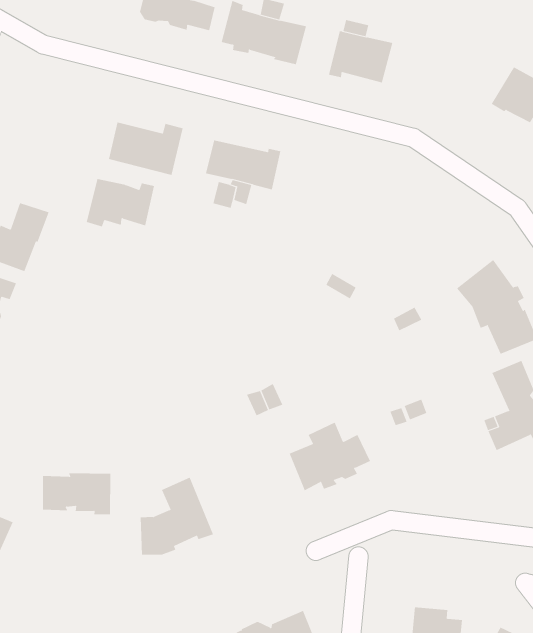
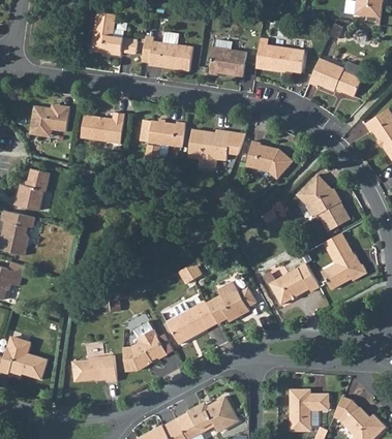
building: none -> [255,39,304,73]
building: none -> [188,129,245,169]
building: [86,179,155,227] -> [30,105,69,134]
building: none -> [246,142,293,179]
building: none -> [269,265,319,306]
building: none -> [167,302,217,345]
building: [42,473,111,515] -> [71,356,115,382]

